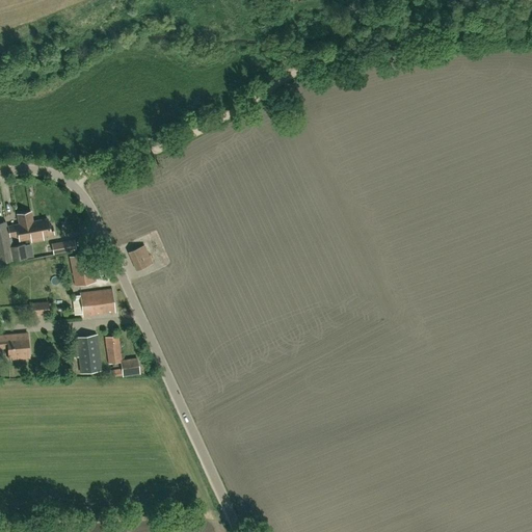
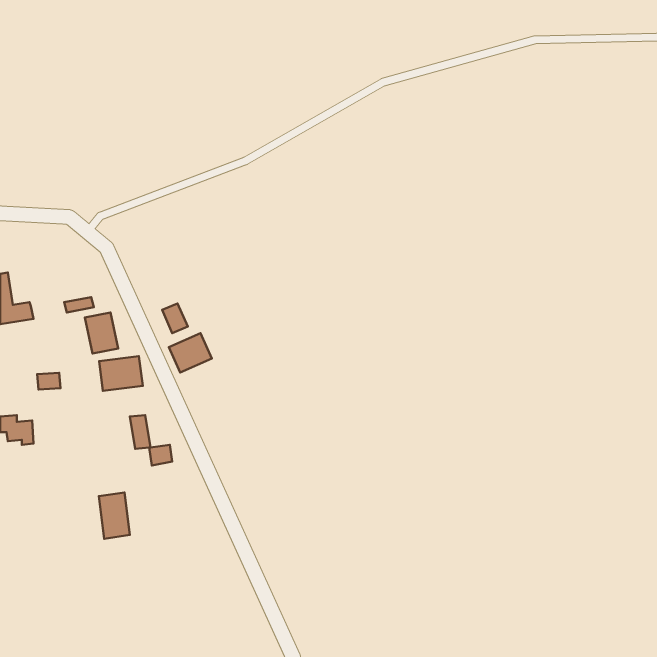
building: [9,211,54,241] -> none
building: none -> [169,333,212,373]
building: [76,335,101,372] -> [99,492,130,539]

